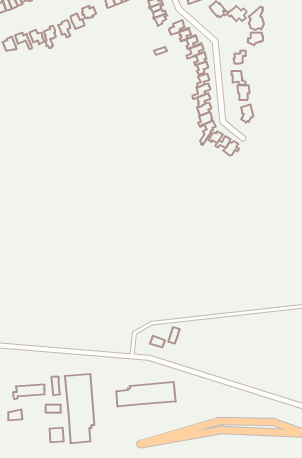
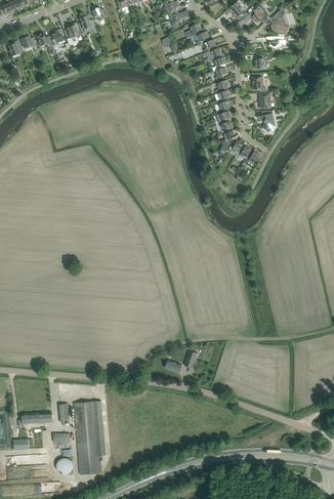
building: [116,382,176,407] -> none

